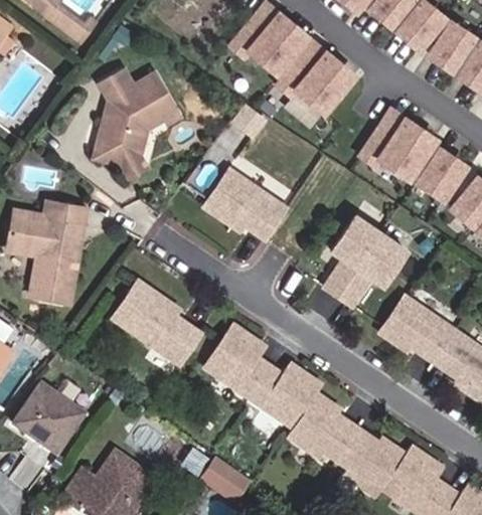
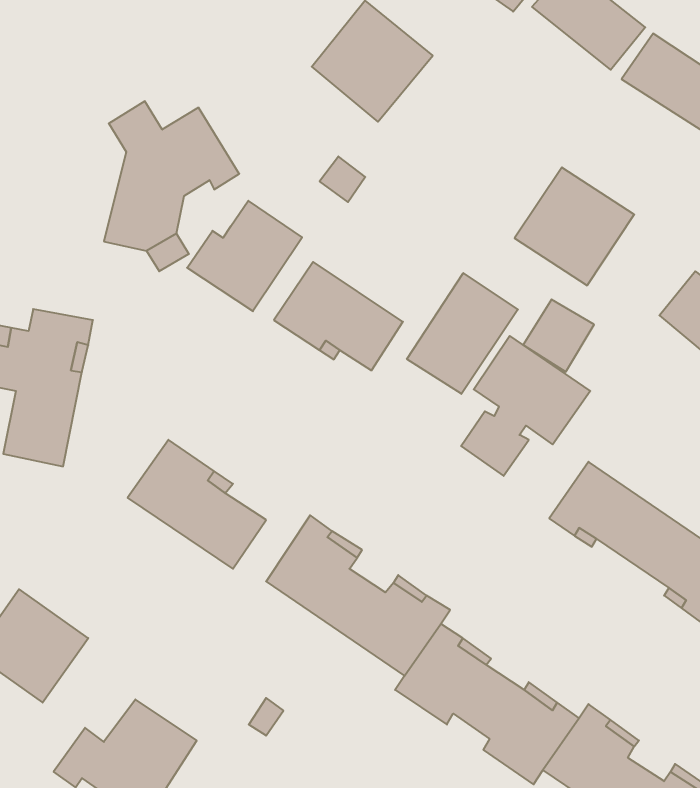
building: [283,40,354,110] -> none
building: none -> [187,201,302,311]
building: [420,150,465,196] -> [523,299,594,372]
building: none -> [407,273,518,394]
building: [200,453,253,501] -> none

